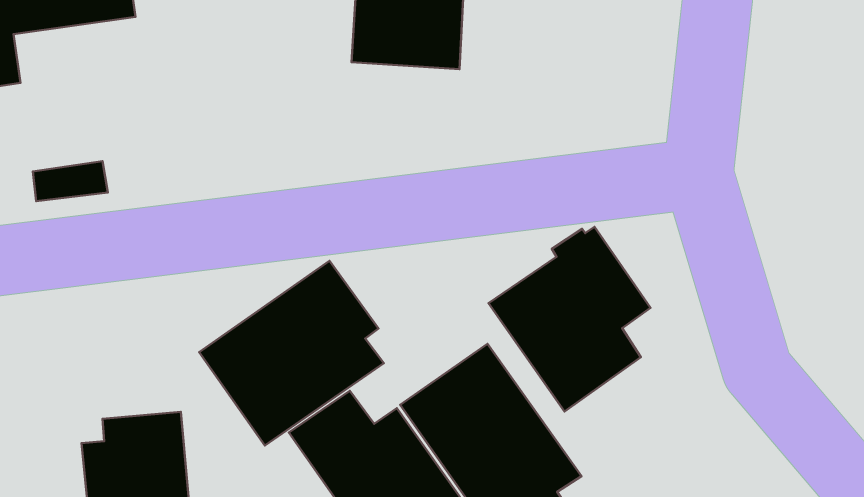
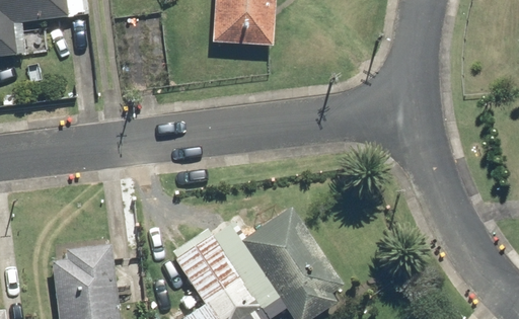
building: [488,227,651,412] -> none
building: [199,261,384,445] -> none

